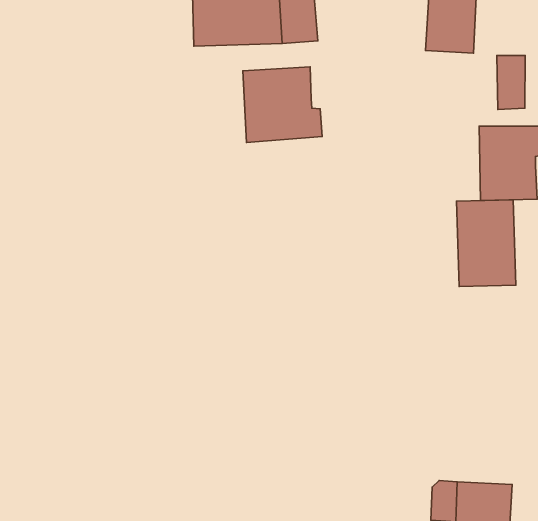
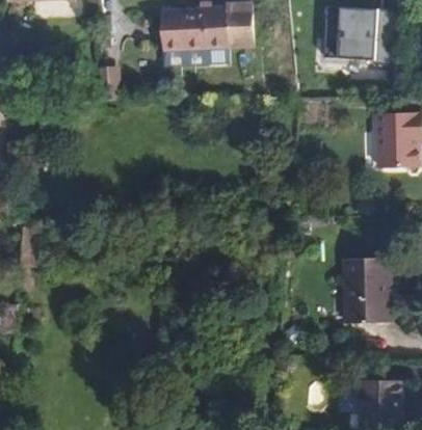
building: [497,56,525,110] -> none
building: [243,67,322,142] -> none
building: [457,200,516,287] -> [347,258,392,323]

